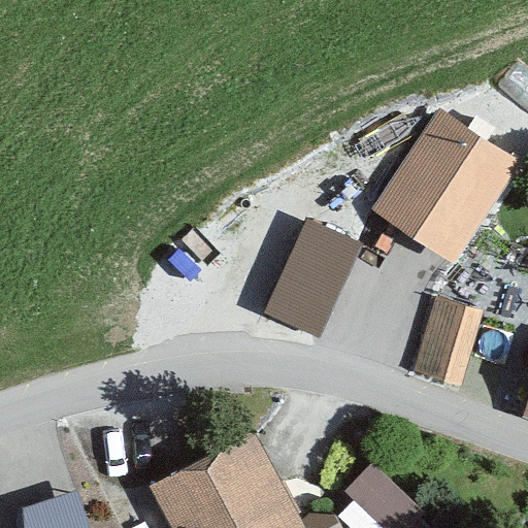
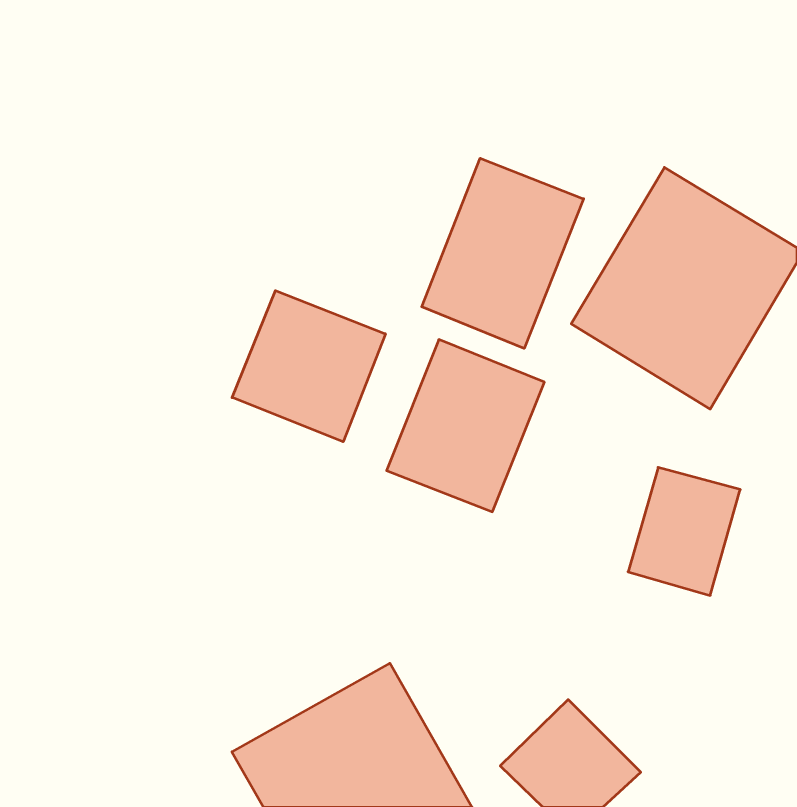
building: none -> [422,158,584,348]
building: none -> [232,291,385,442]

